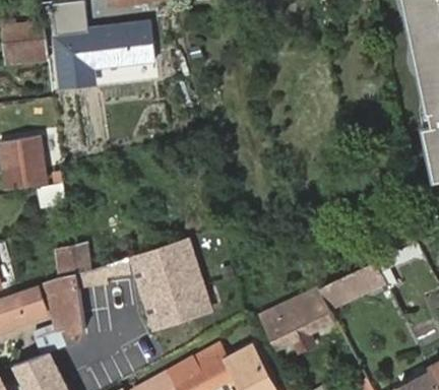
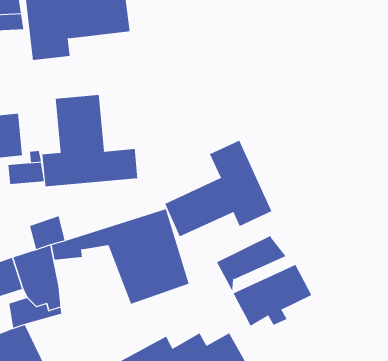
building: none -> [42,94,138,187]
building: none -> [164,140,272,237]
building: [315,263,384,320] -> [216,235,286,293]

